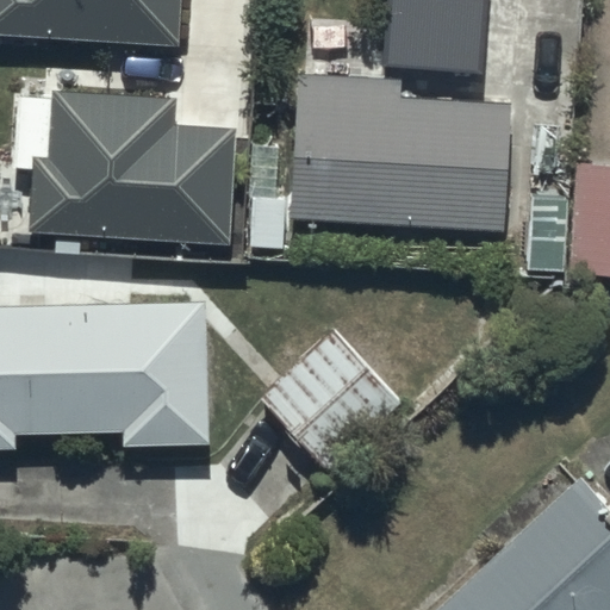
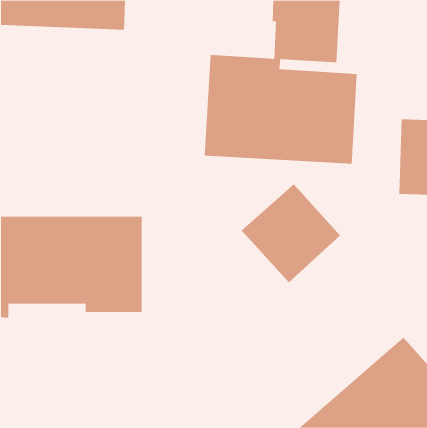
building: [12,89,236,245] -> none
building: [262,331,404,473] -> [241,184,341,283]

